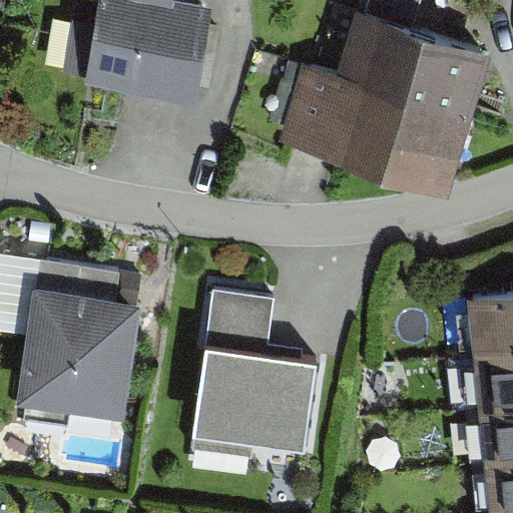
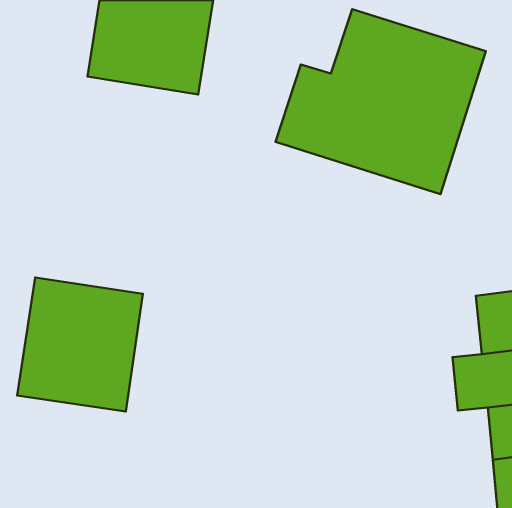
building: [183,292,311,456] -> none

